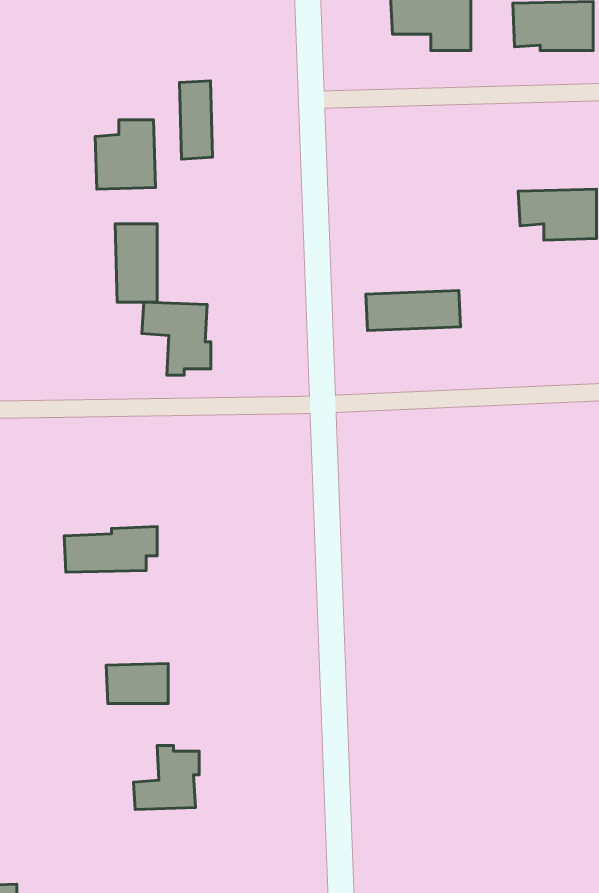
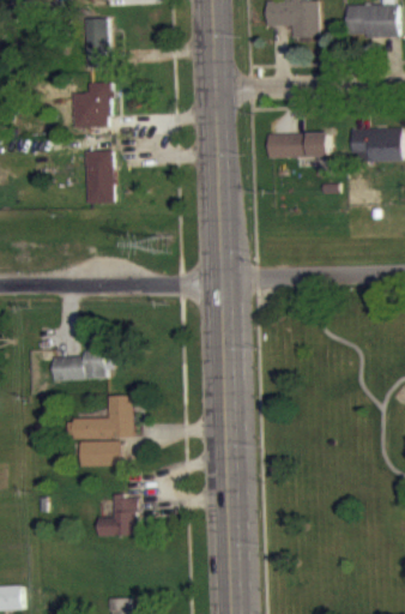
building: [180,81,212,159] -> [85,16,107,67]
building: [366,290,461,331] -> [267,132,330,158]
building: [142,302,211,375] -> none
building: none -> [72,396,133,440]

